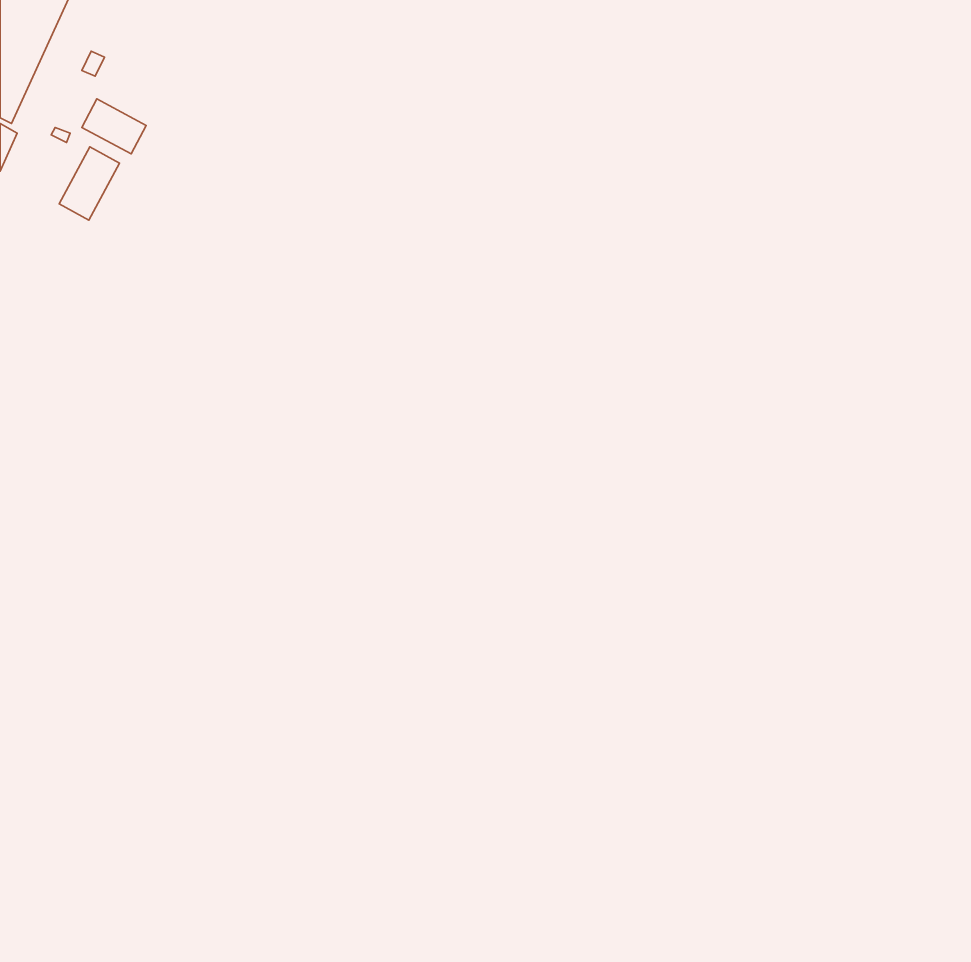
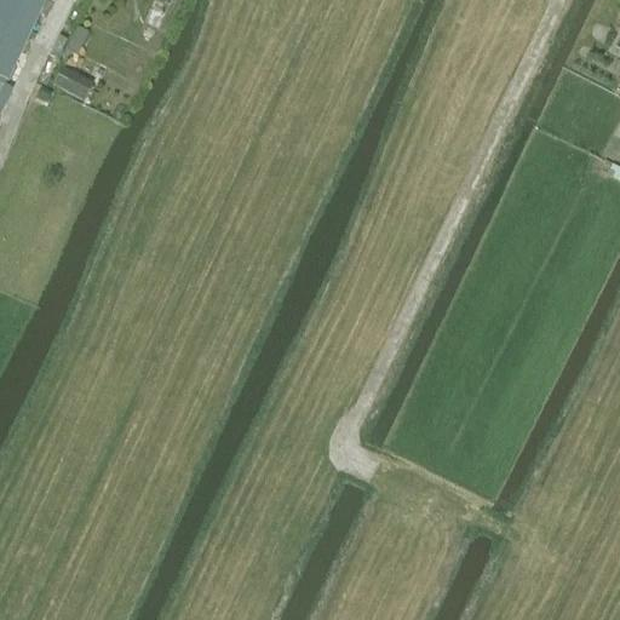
building: [59,147,120,220] -> none

